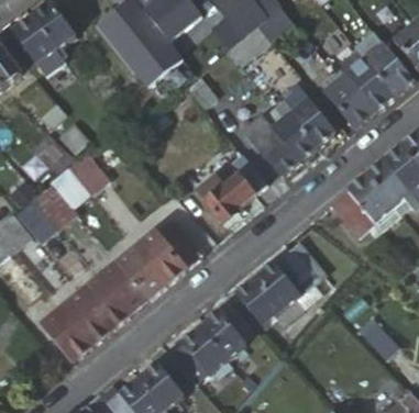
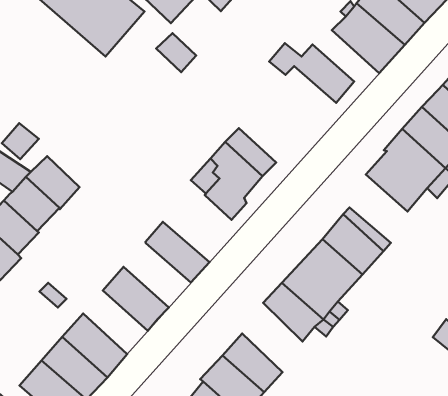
building: [243,107,318,177] -> none
building: [136,230,186,282] -> none
building: [100,261,147,313] -> none

